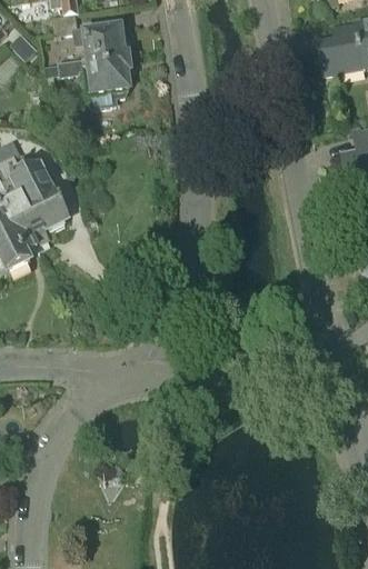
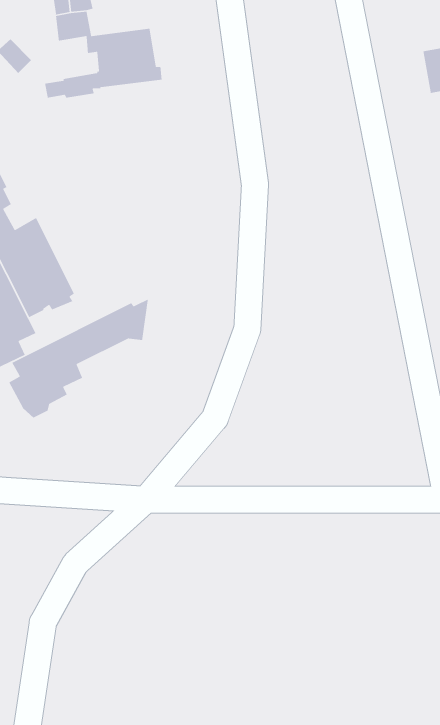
building: [84,61,130,104] -> none
building: none -> [8,298,149,419]

